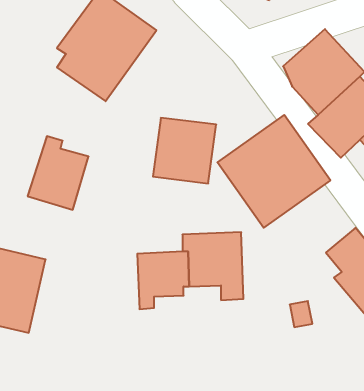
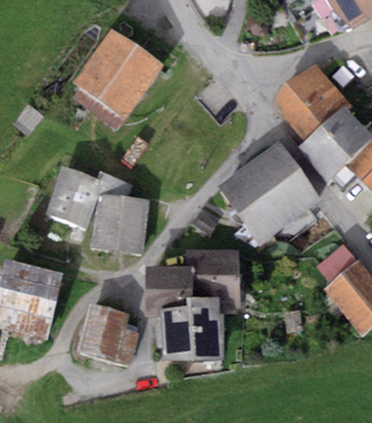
building: [153,118,216,183] -> [92,195,149,254]
building: none -> [160,296,223,361]
building: none -> [78,304,138,367]

